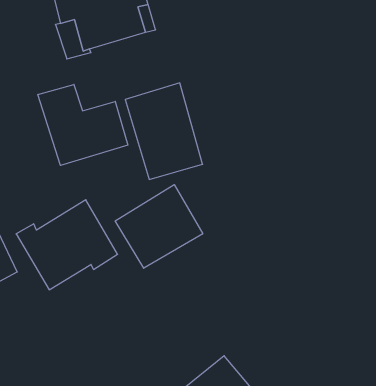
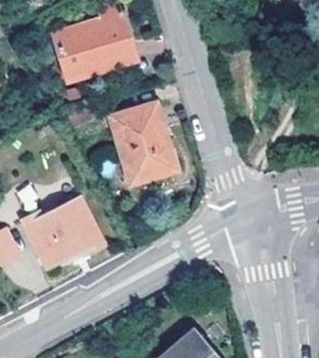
building: [38,84,128,165] -> none
building: [115,185,203,268] -> none

